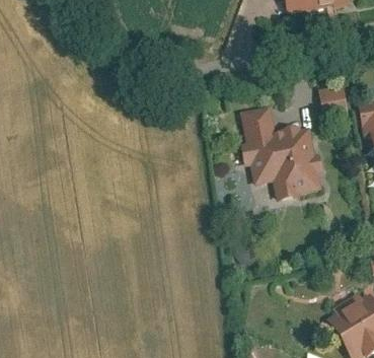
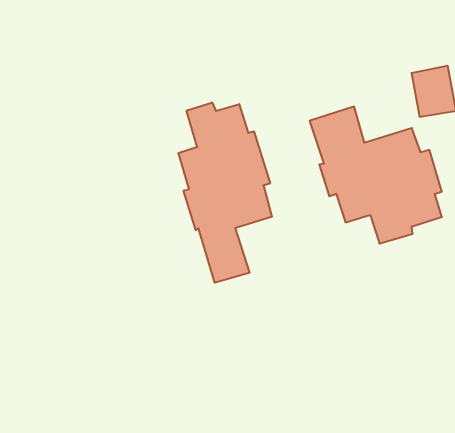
building: none -> [178,102,272,283]

